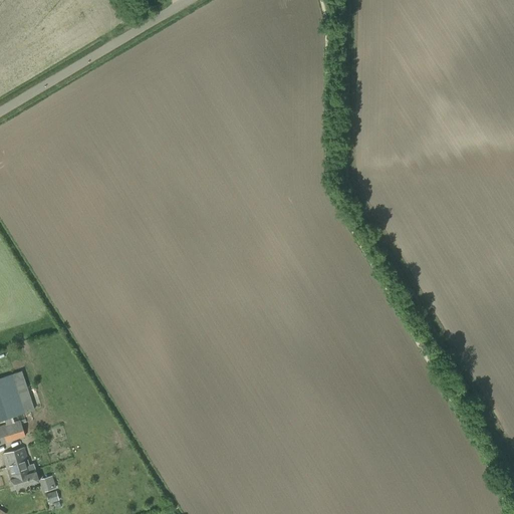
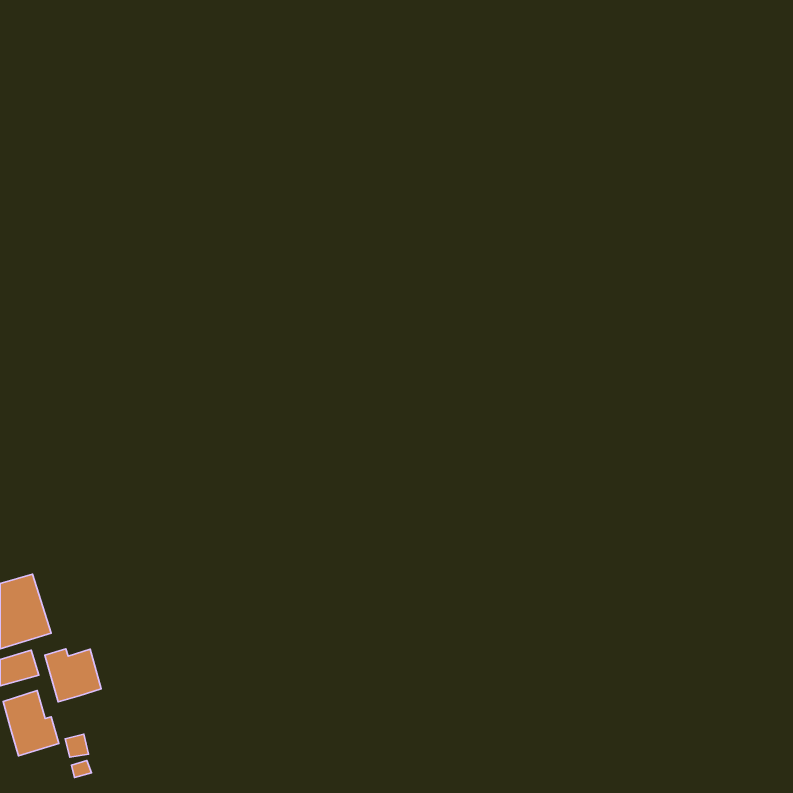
building: none -> [45,649,101,702]

